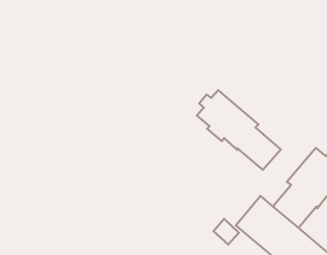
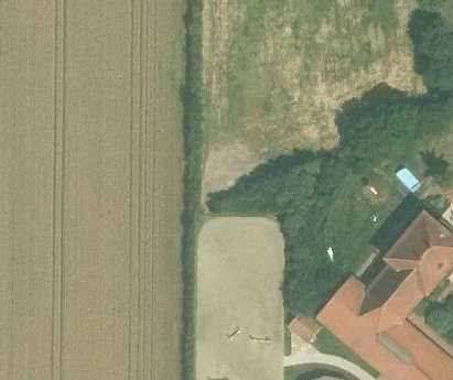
building: [197,90,281,170] -> none

